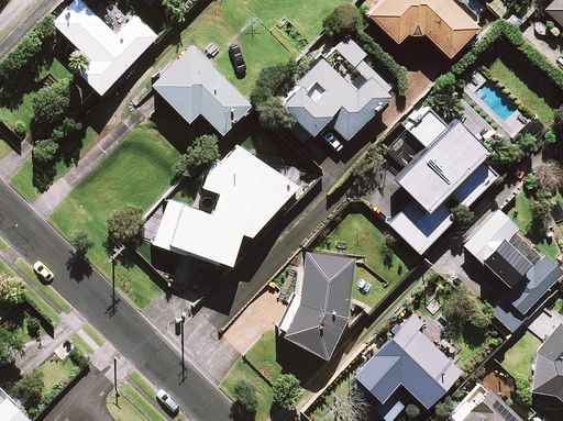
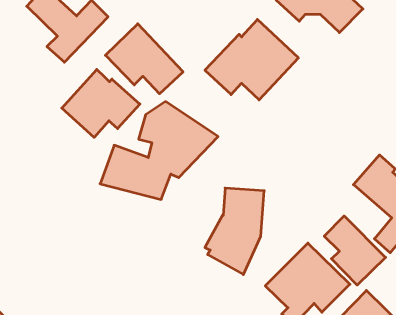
building: none -> [62,69,140,137]
building: [387,110,494,253] -> none
building: none -> [324,216,386,285]

